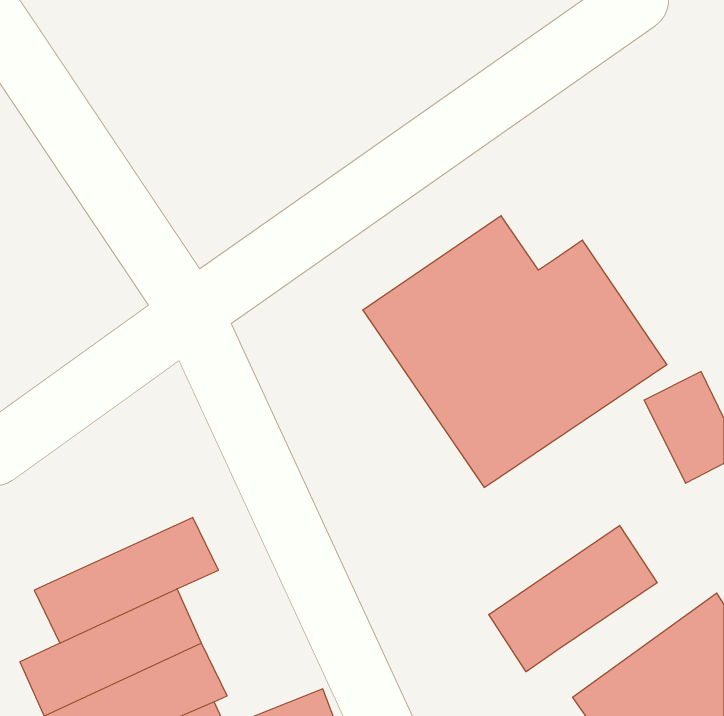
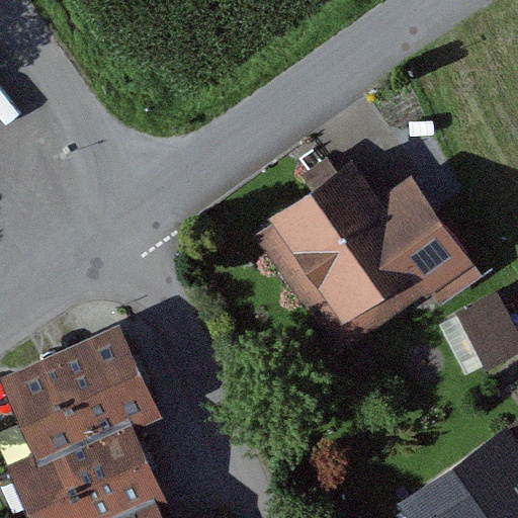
building: none -> [7,338,137,428]
building: [489,525,657,672] -> none

